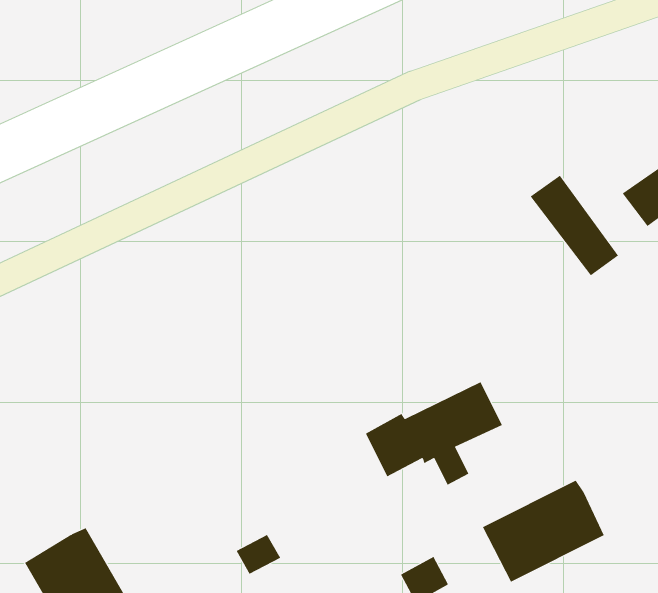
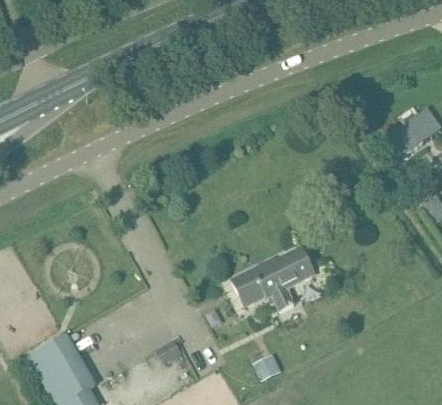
building: [530,175,619,276] -> none
building: [482,480,605,582] -> none

